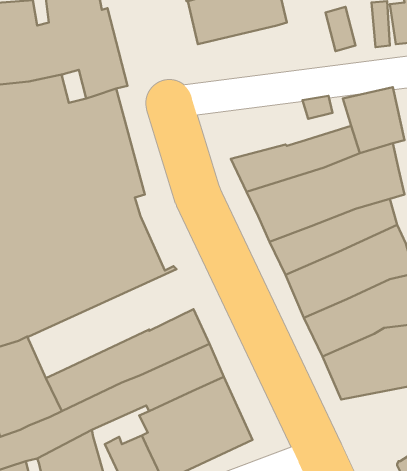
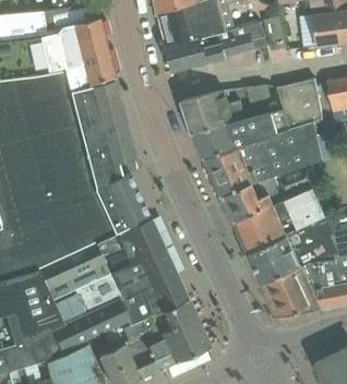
building: none -> [168,24,268,72]
building: none -> [183,91,247,133]
building: none -> [38,217,165,300]

